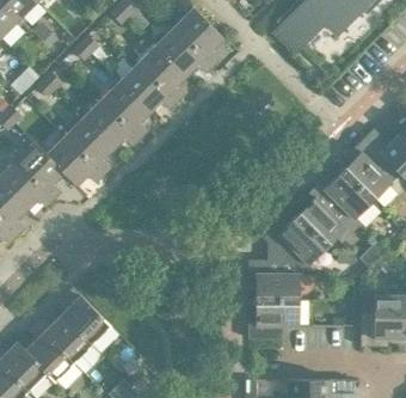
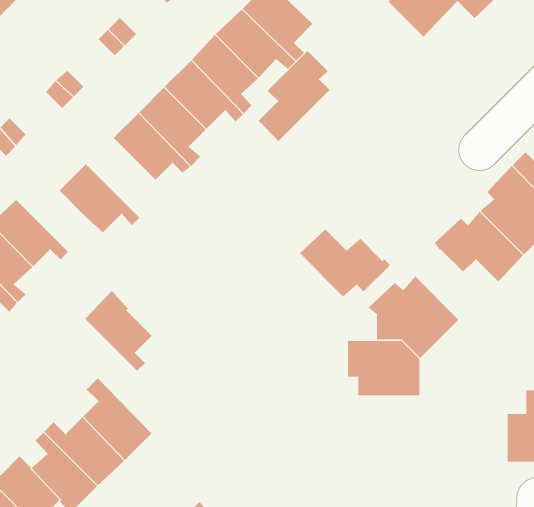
building: none -> [258,50,330,142]
building: [64,118,113,174] -> none
building: [16,141,63,198] -> [85,290,153,372]
building: [296,197,361,246] -> [299,228,391,297]
building: [248,300,300,339] -> none

